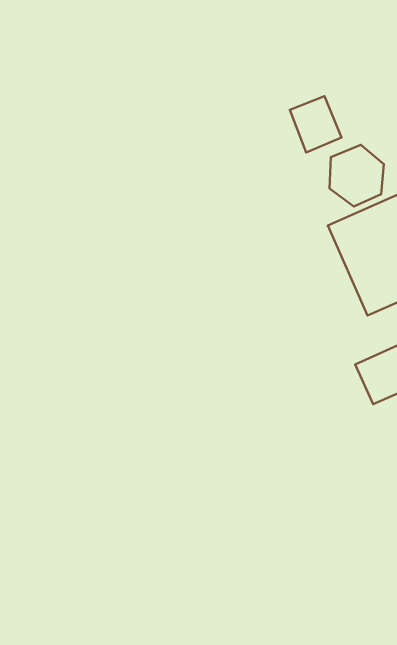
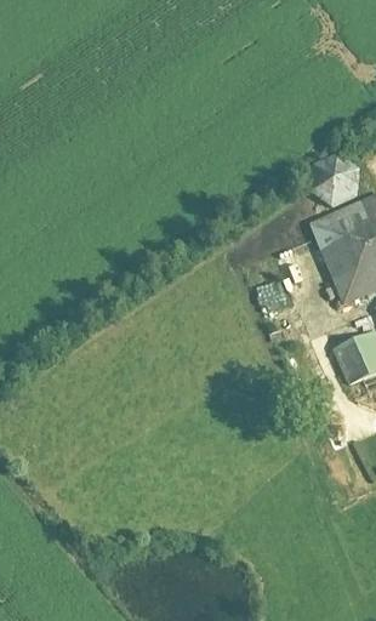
building: [290,96,341,152] -> none

